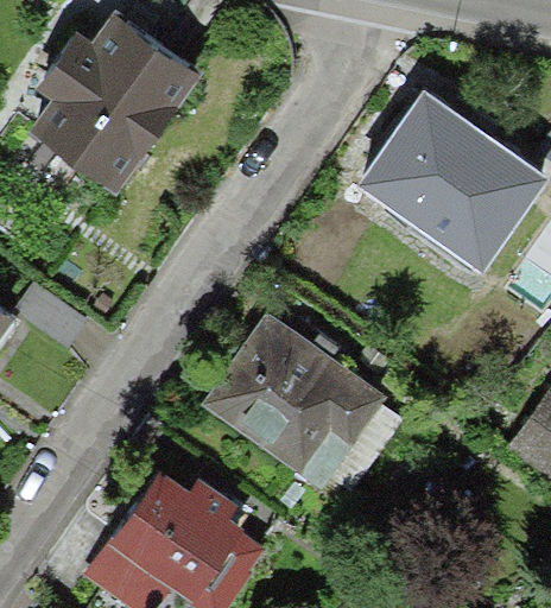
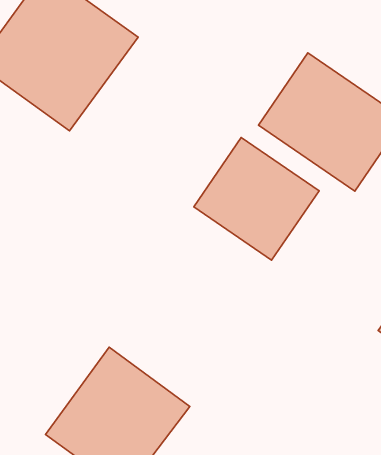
building: none -> [194,138,319,260]
building: [198,317,392,501] -> none

